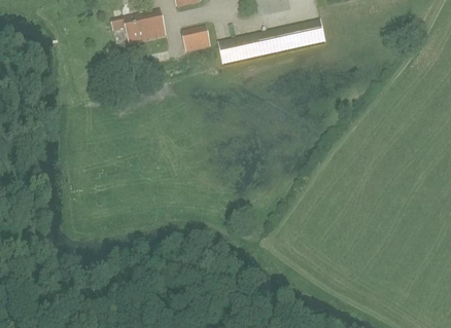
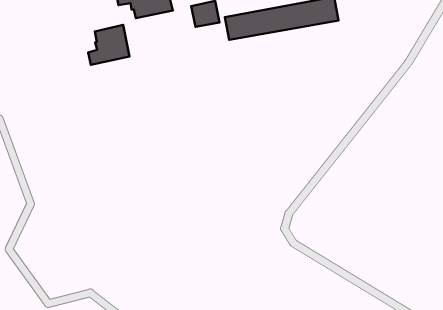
building: none -> [88,25,130,65]

